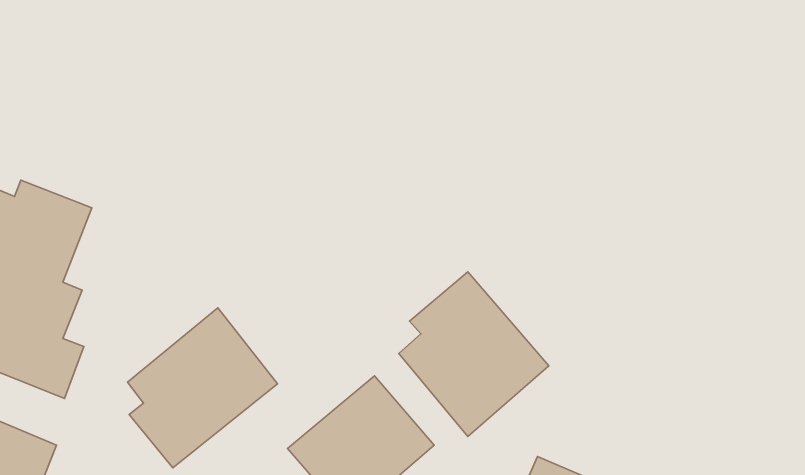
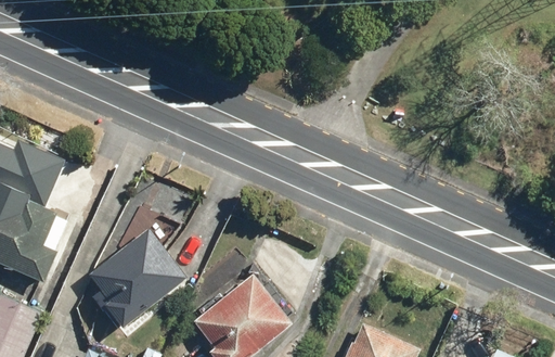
building: [399,272,549,436] -> none

